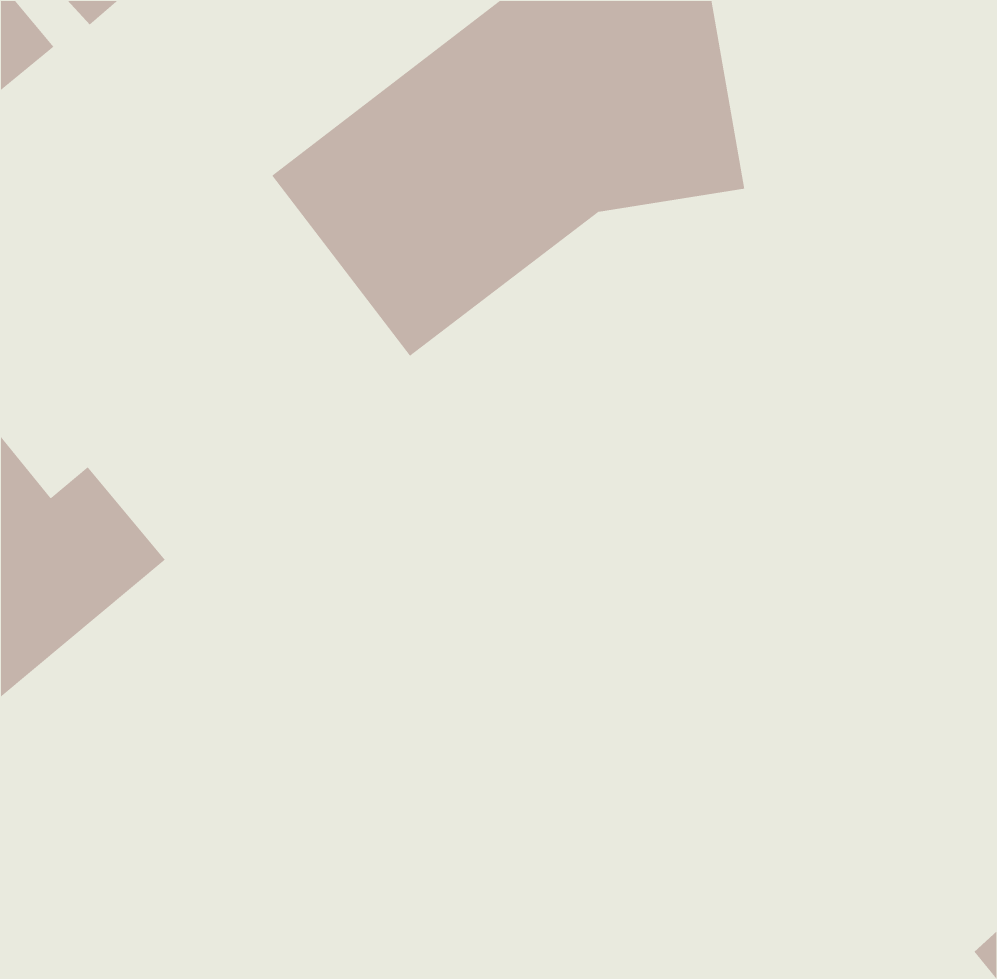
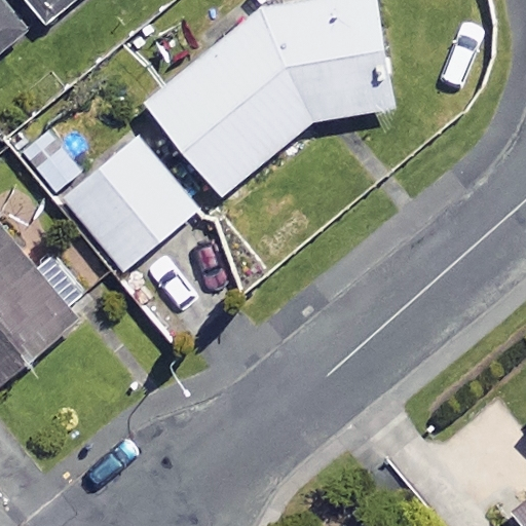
building: none -> [28,128,199,269]

